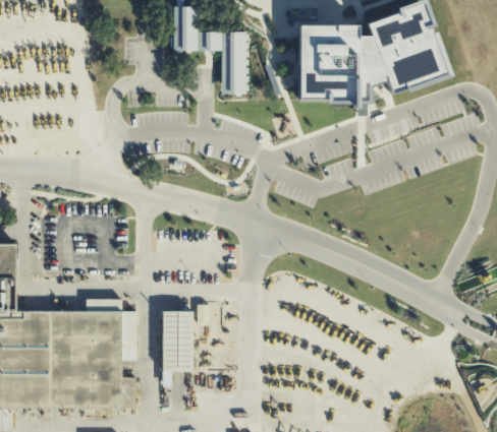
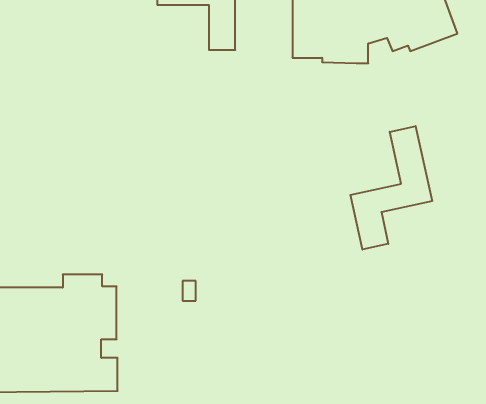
building: none -> [350,126,432,250]
building: [163,311,194,387] -> none

